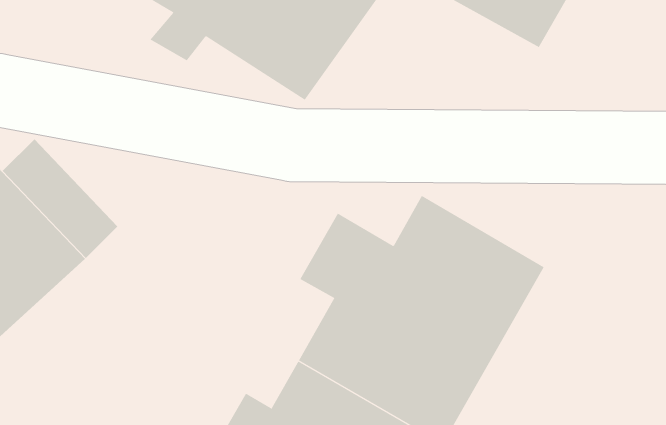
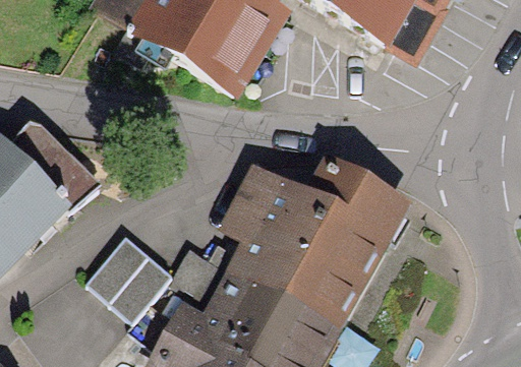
building: none -> [91,238,172,317]

